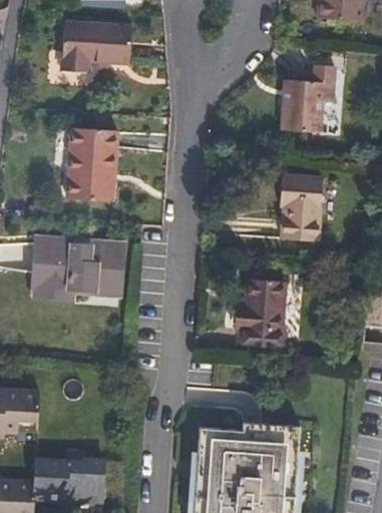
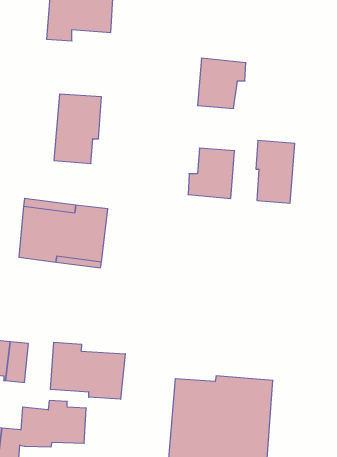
building: [282,77,333,130] -> [198,58,246,108]
building: [236,281,285,334] -> [188,148,235,198]
building: none -> [51,342,125,399]

